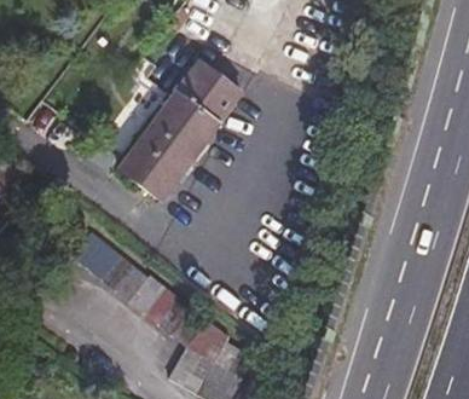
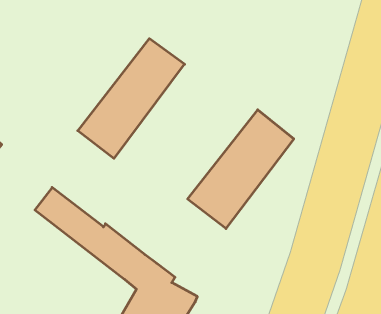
building: none -> [188,110,294,229]

